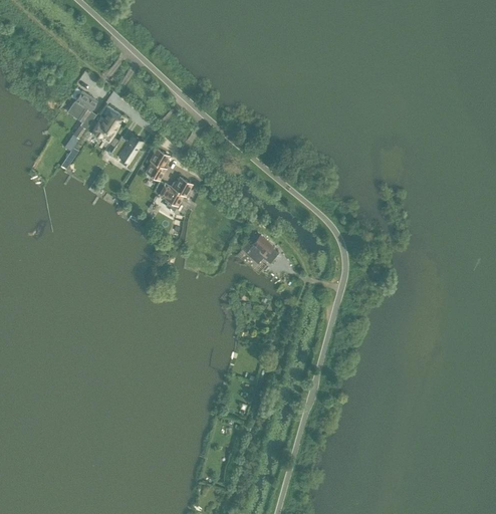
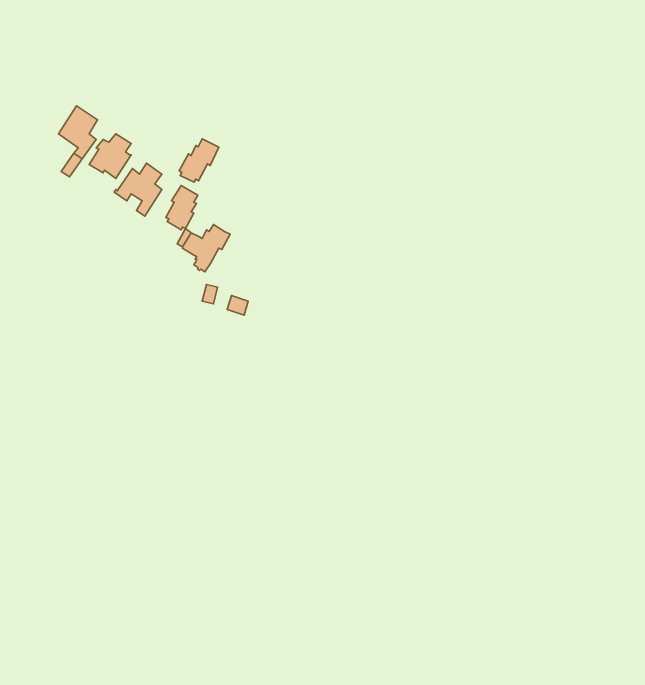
building: none -> [179,139,219,182]
building: [245,235,278,262] -> none

